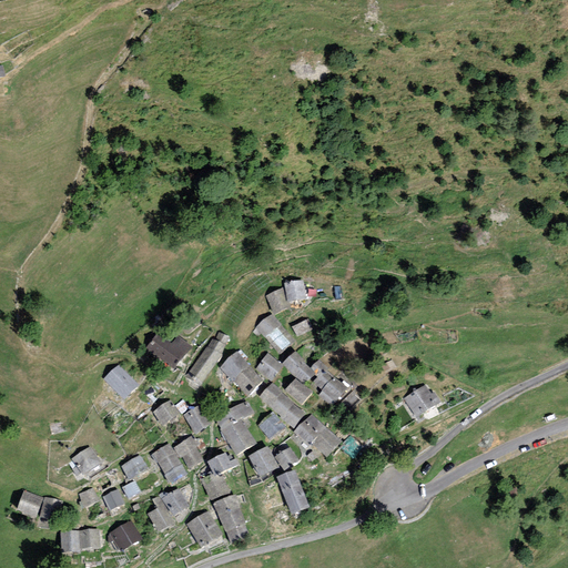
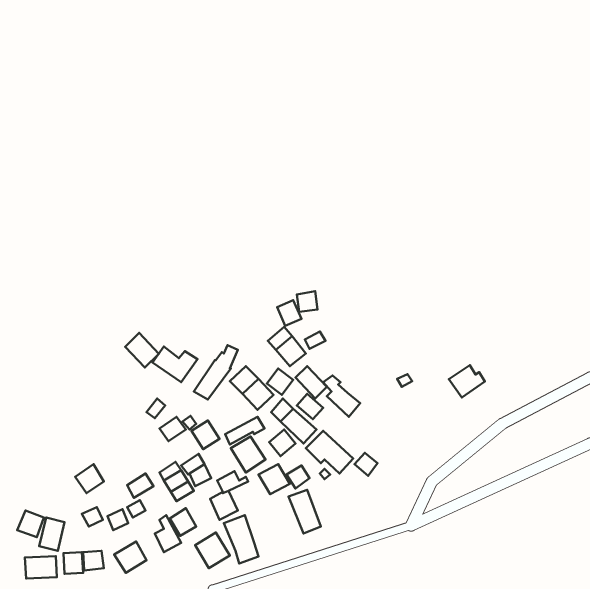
building: [105,365,138,398] -> [125,333,159,368]
building: [405,385,439,416] -> [449,365,485,398]
building: none -> [25,556,57,579]

